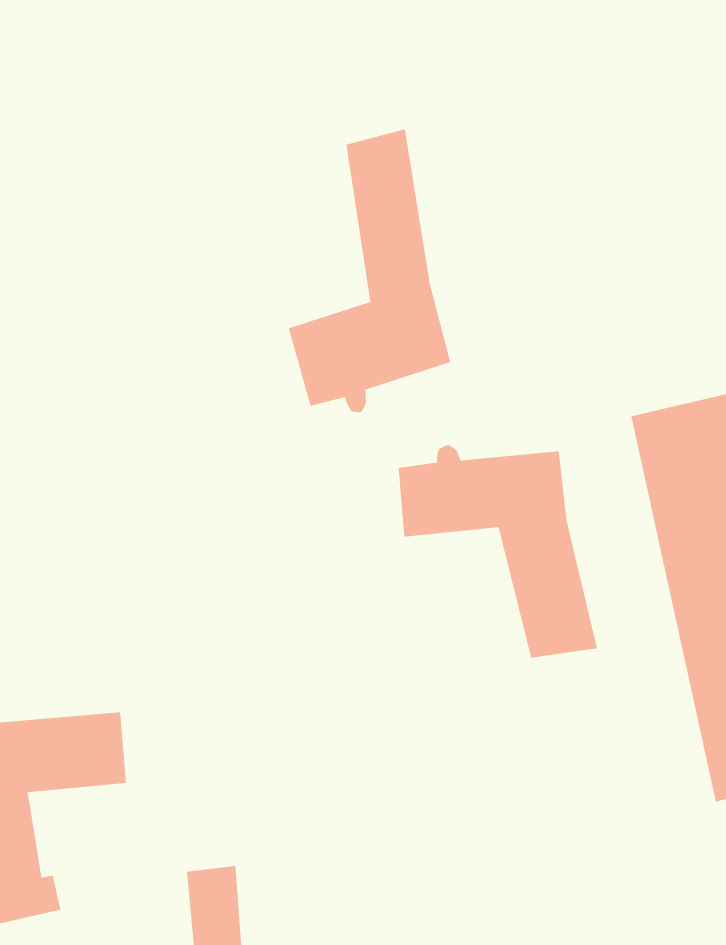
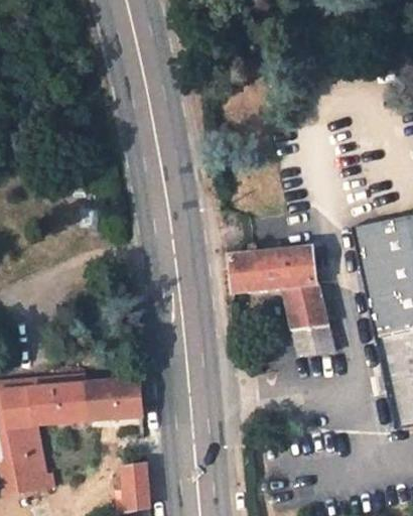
building: [288,129,451,413] -> none
building: none -> [86,378,142,420]

